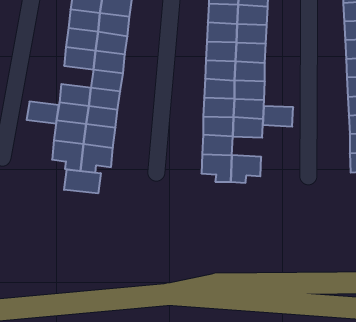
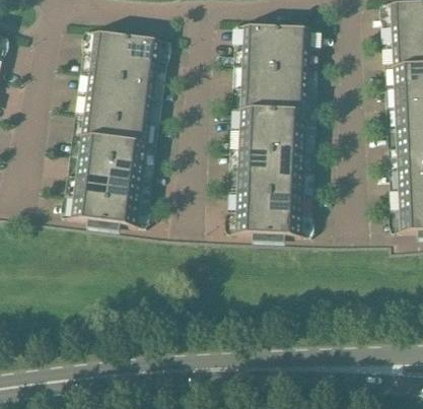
building: [27,102,59,124] -> [83,111,119,135]
building: [263,106,293,127] -> [271,189,304,211]
building: [64,170,101,193] -> none

